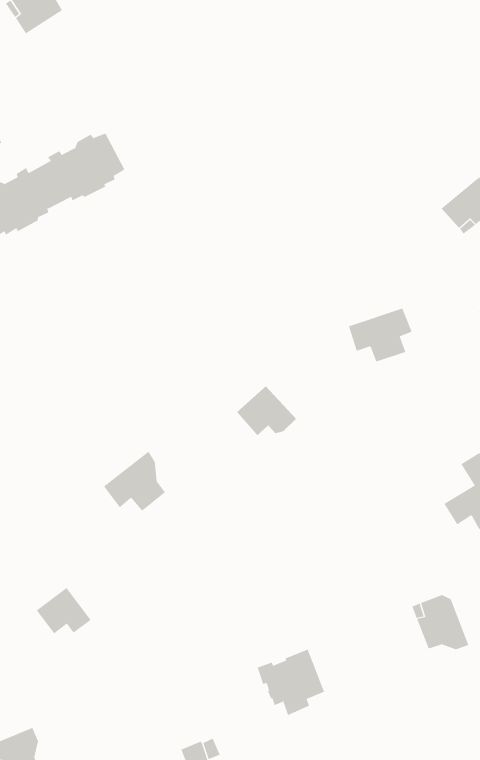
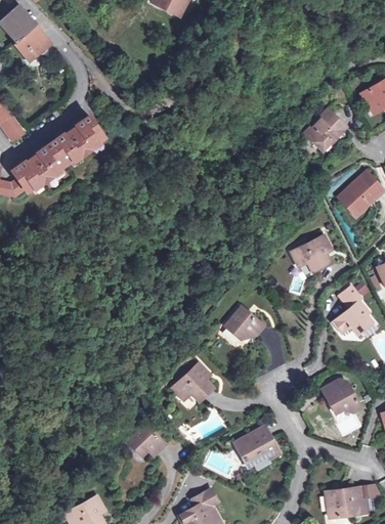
building: [348,308,412,362] -> [293,234,334,271]
building: [236,385,297,436] -> [226,306,265,339]
building: [103,451,166,511] -> [168,363,208,402]
building: [36,587,91,634] -> [125,427,161,457]

